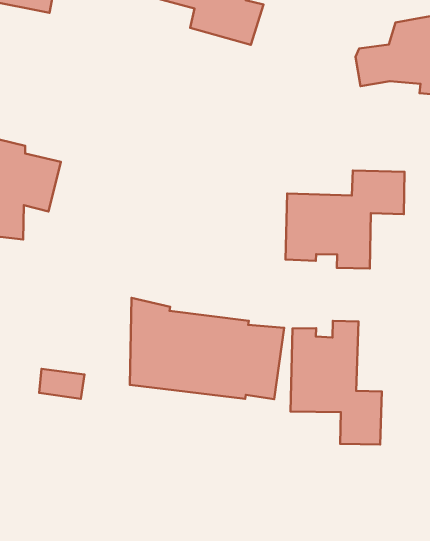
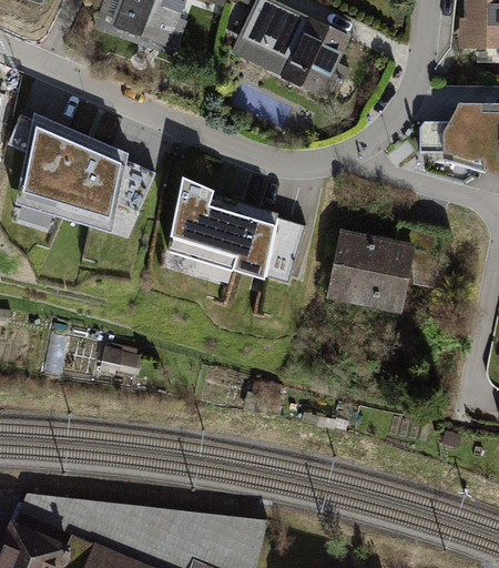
building: [130,298,284,399] -> [167,178,306,284]
building: [290,321,382,445] -> none

